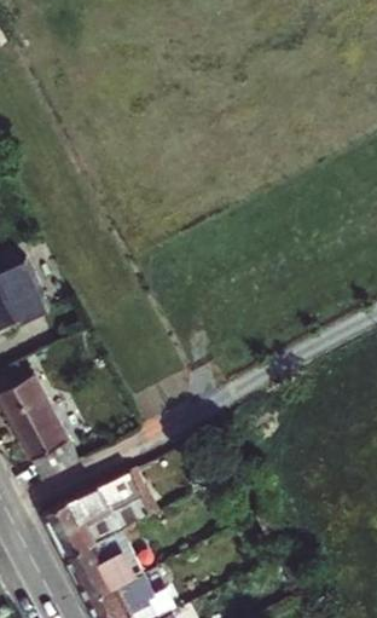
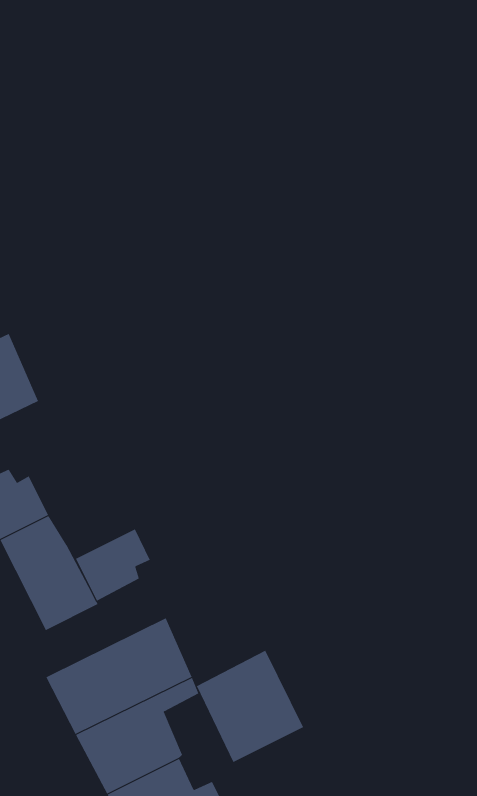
building: none -> [75,529,151,601]
building: none -> [196,650,304,763]

